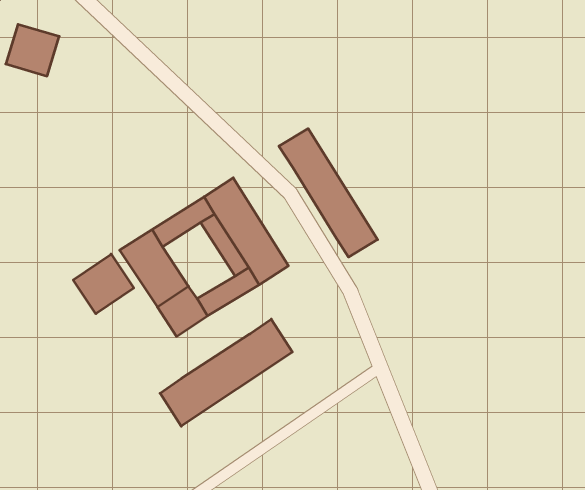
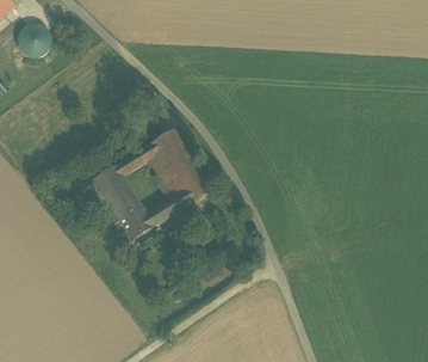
building: [279,129,378,257] -> none
building: [73,254,134,314] -> none
building: [160,319,292,426] -> none

